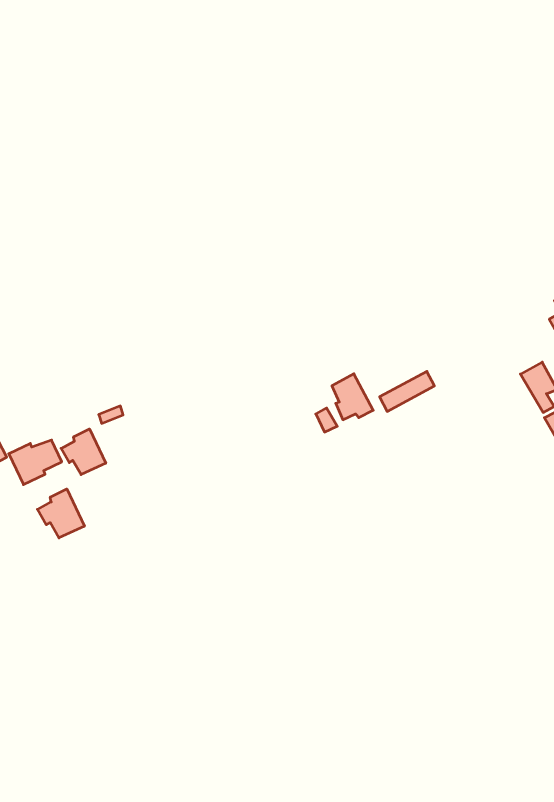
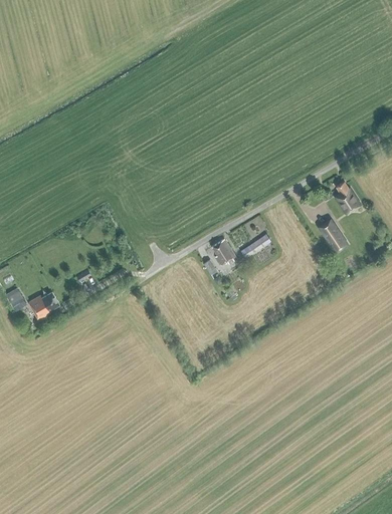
building: [61,429,106,475] -> none
building: [37,489,84,538] -> none

